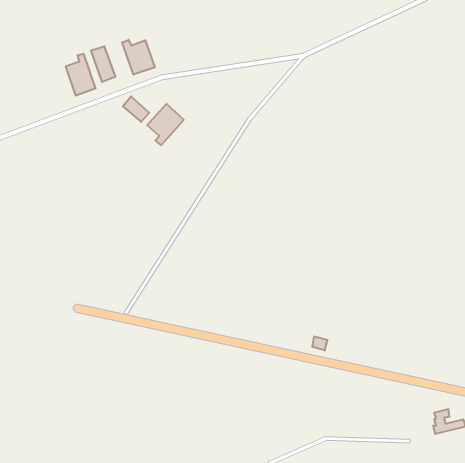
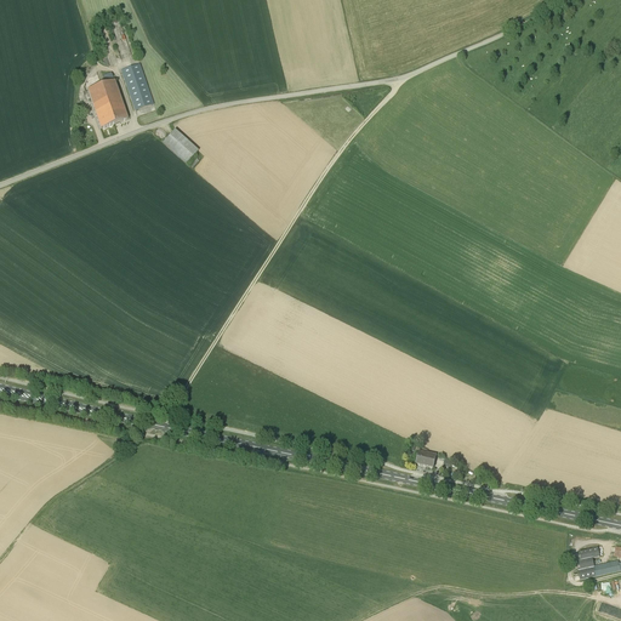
building: [122,40,155,75] -> none
building: [147,104,184,145] -> none

